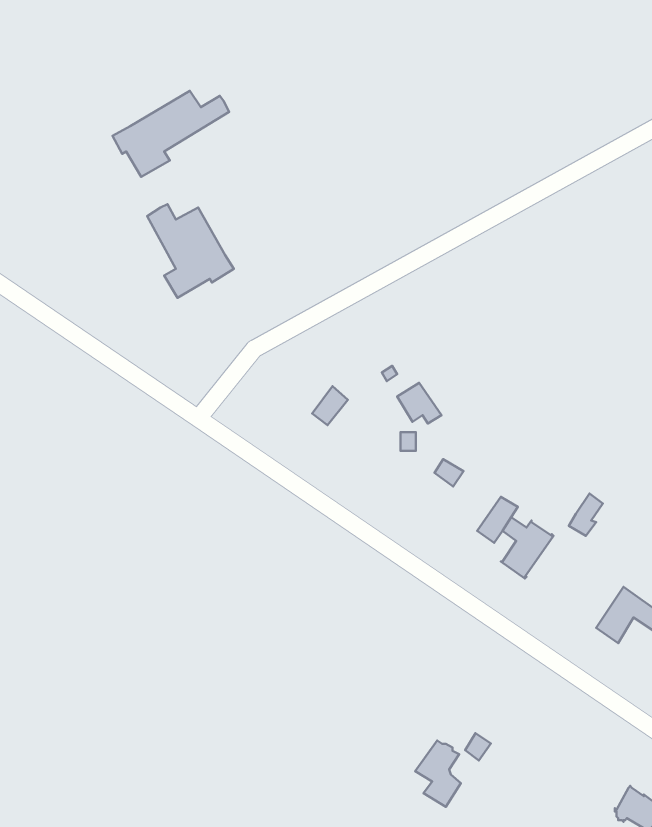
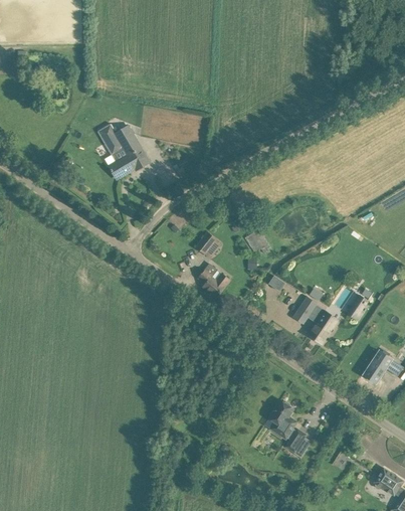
building: [112,91,229,177] -> none
building: none -> [198,263,228,296]
building: [415,741,461,807] -> [267,399,294,439]

